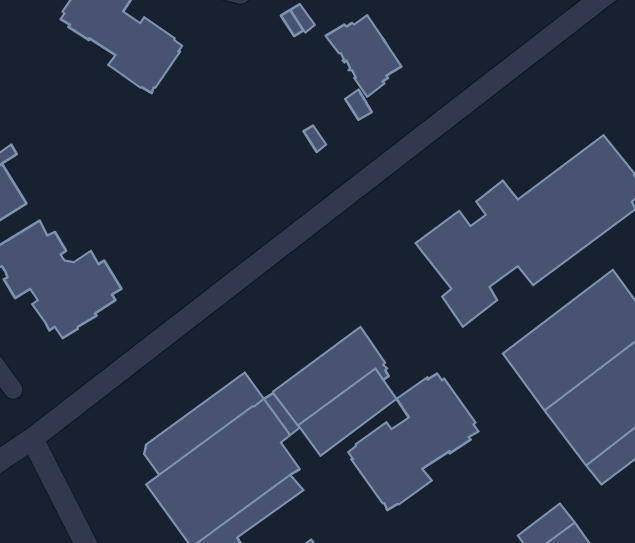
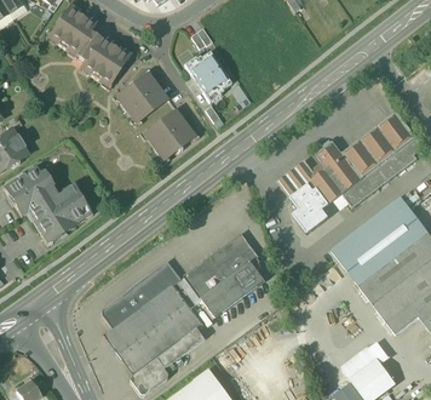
building: [326,15,401,97] -> [183,51,231,103]
building: none -> [116,74,166,122]
building: none -> [144,112,194,160]
building: [348,374,478,510] -> none

